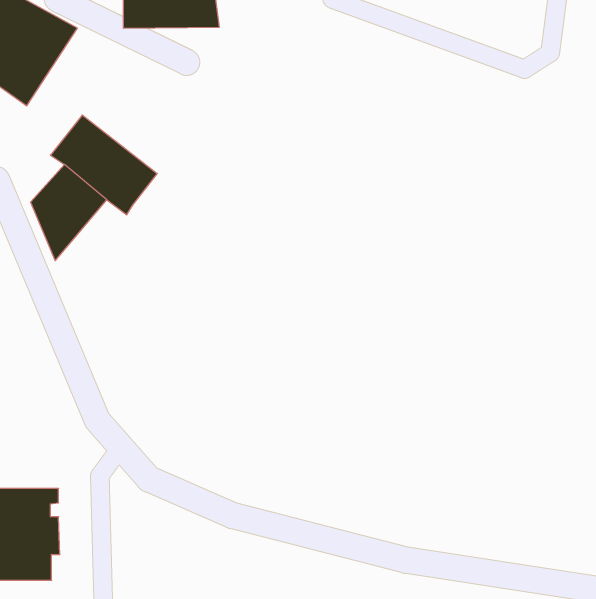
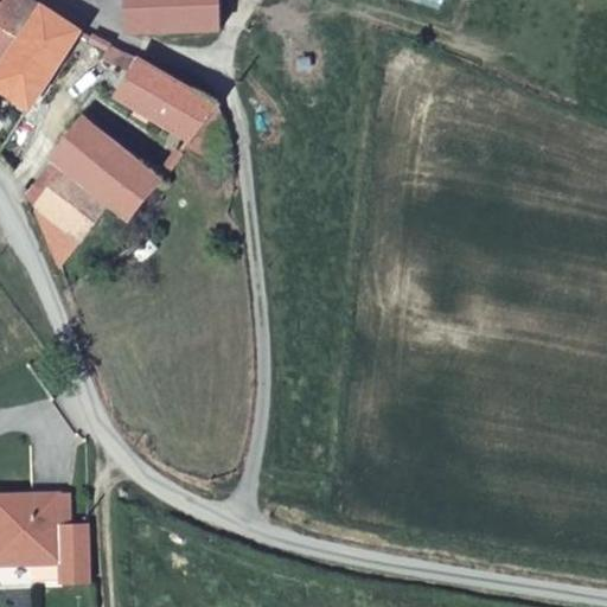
building: none -> [102,46,216,133]
building: none -> [59,523,90,582]

